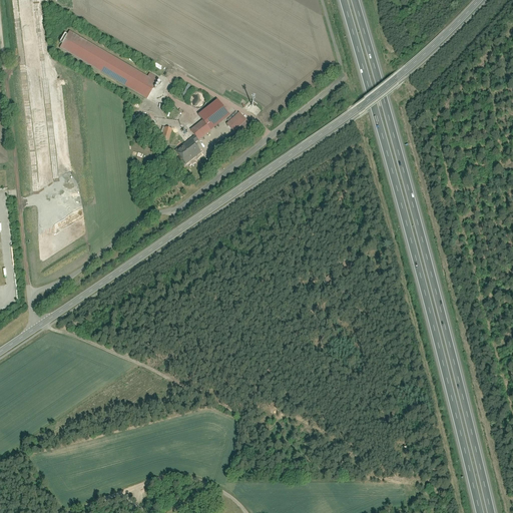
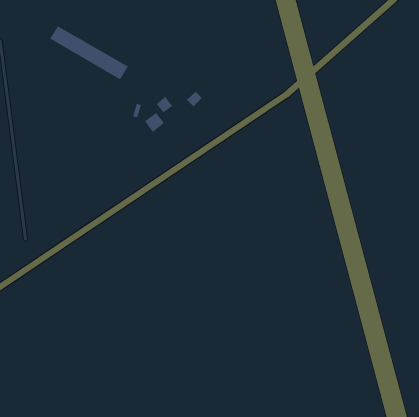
building: [198,96,230,128] -> none

